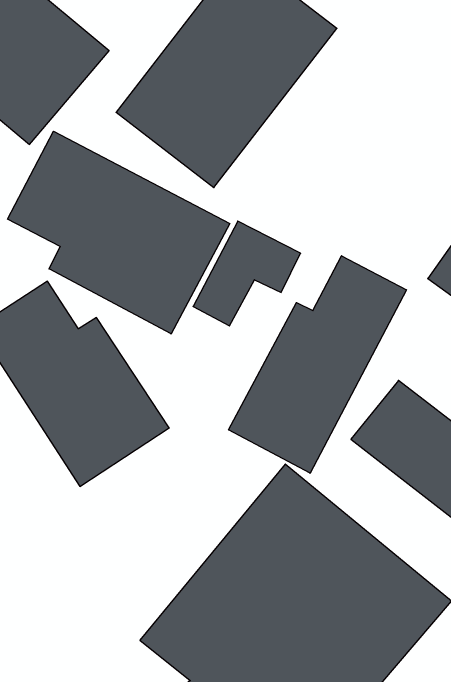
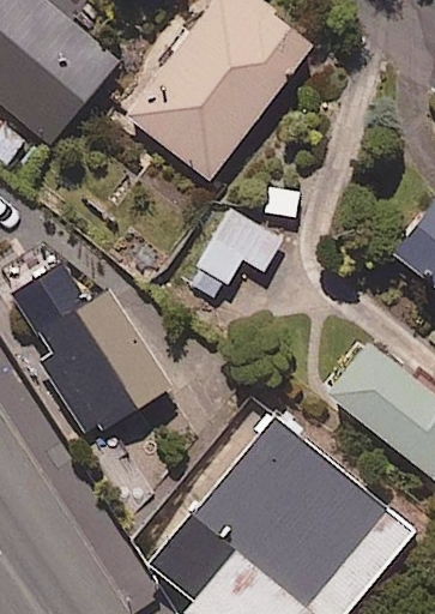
building: [8,131,230,334] -> none
building: [229,256,406,473] -> none

